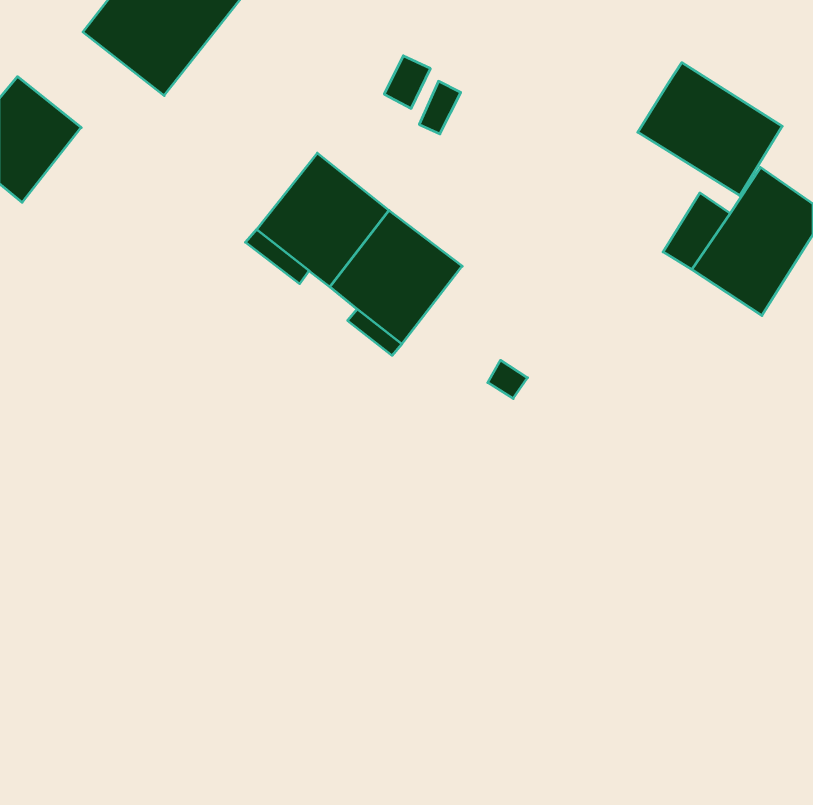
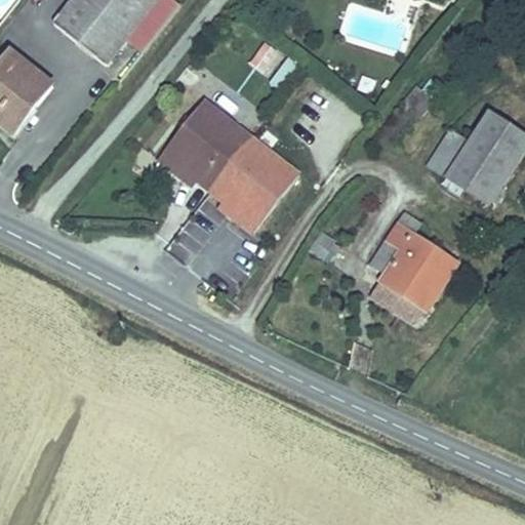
building: [638,63,782,196] -> none
building: none -> [372,210,457,322]

